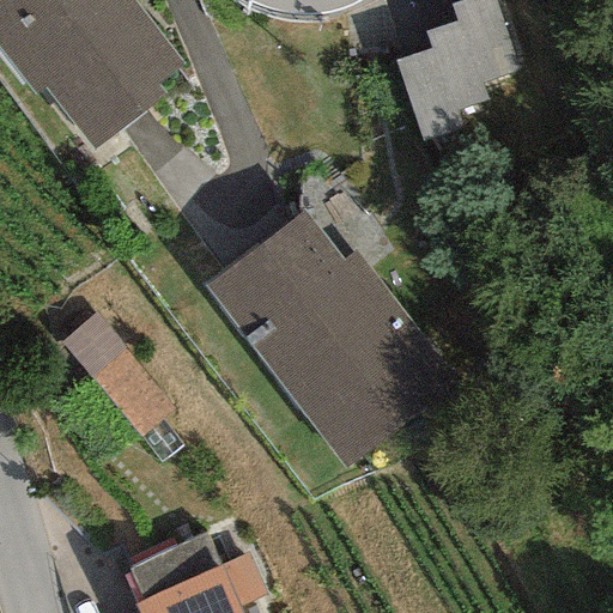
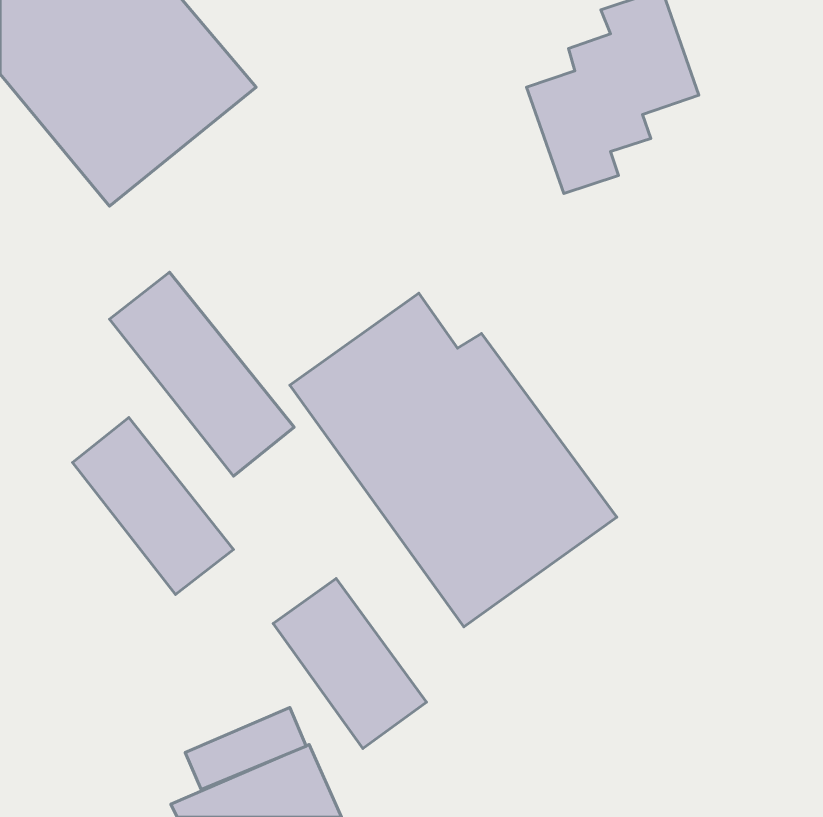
building: none -> [109,272,294,476]
building: none -> [273,579,427,749]

